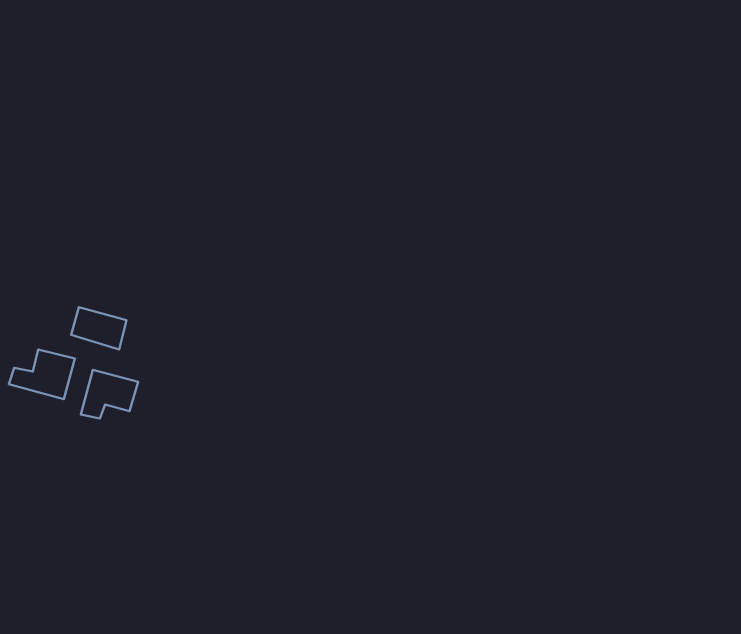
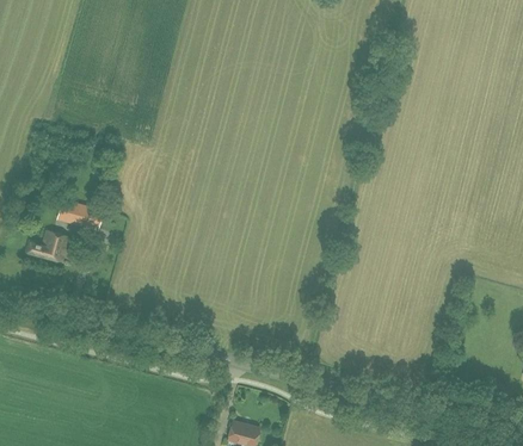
building: [81,370,138,419] -> none

